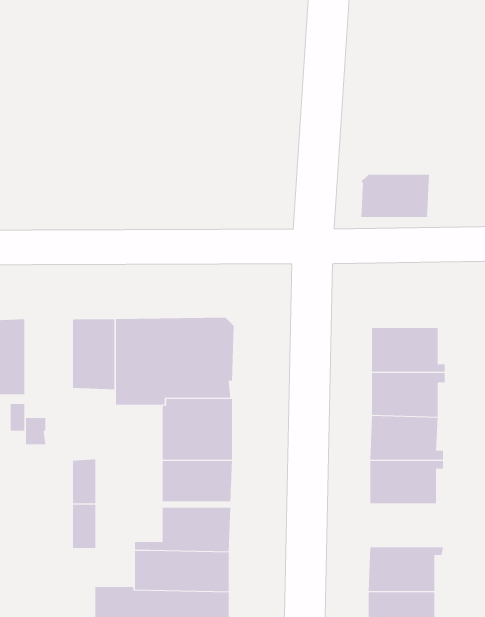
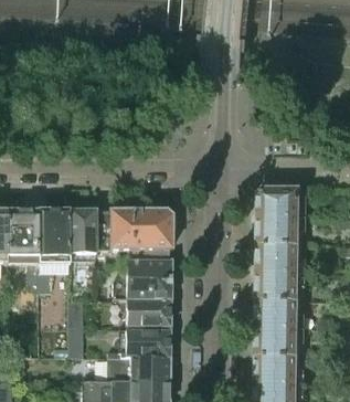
building: [361,173,430,217] -> [259,188,304,216]
building: none -> [39,211,68,260]
building: none -> [258,329,306,357]

